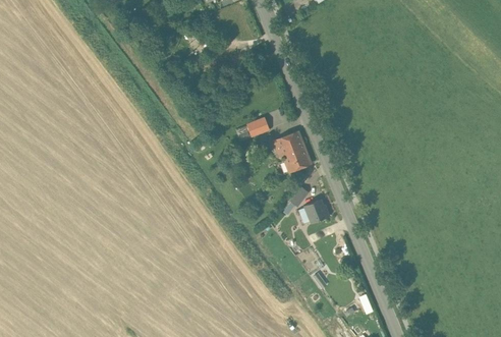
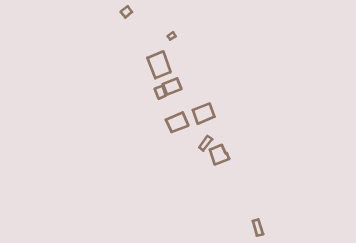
building: none -> [147,51,170,78]
building: [276,131,304,156] -> [166,112,188,132]

